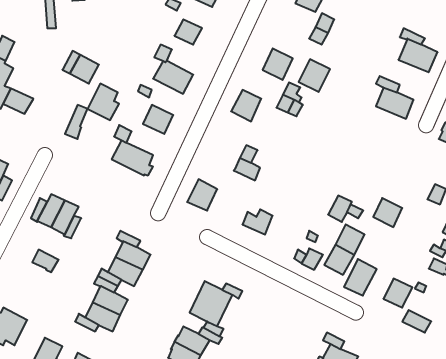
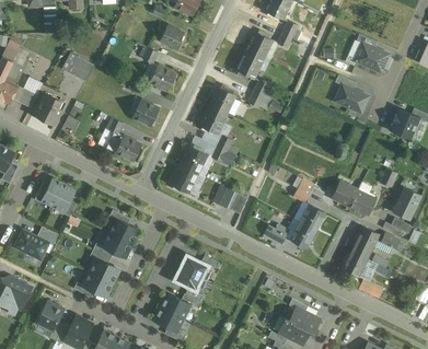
building: [299,59,330,92] -> [245,31,273,59]
building: [88,84,119,120] -> [34,93,61,125]
building: none -> [199,105,227,133]
building: none -> [181,144,213,176]
building: none -> [350,181,377,214]
building: none -> [15,230,48,258]
building: [344,259,377,296] -> [350,226,379,258]

